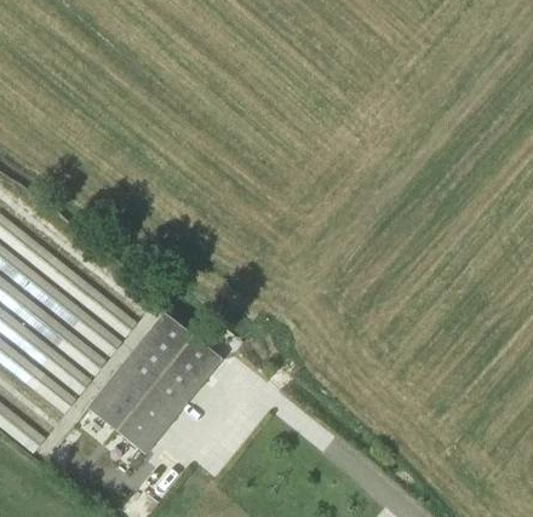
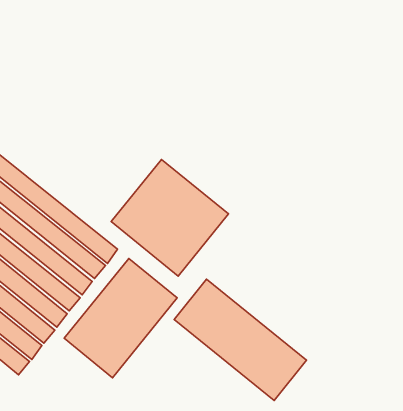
building: none -> [111,159,229,276]
building: none -> [174,279,307,400]

